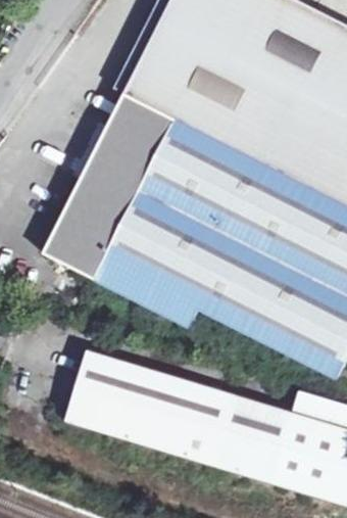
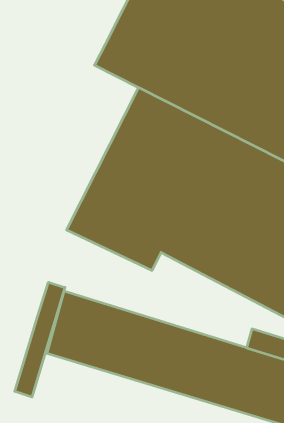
building: [41,94,171,281] -> none
building: none -> [15,282,65,397]

